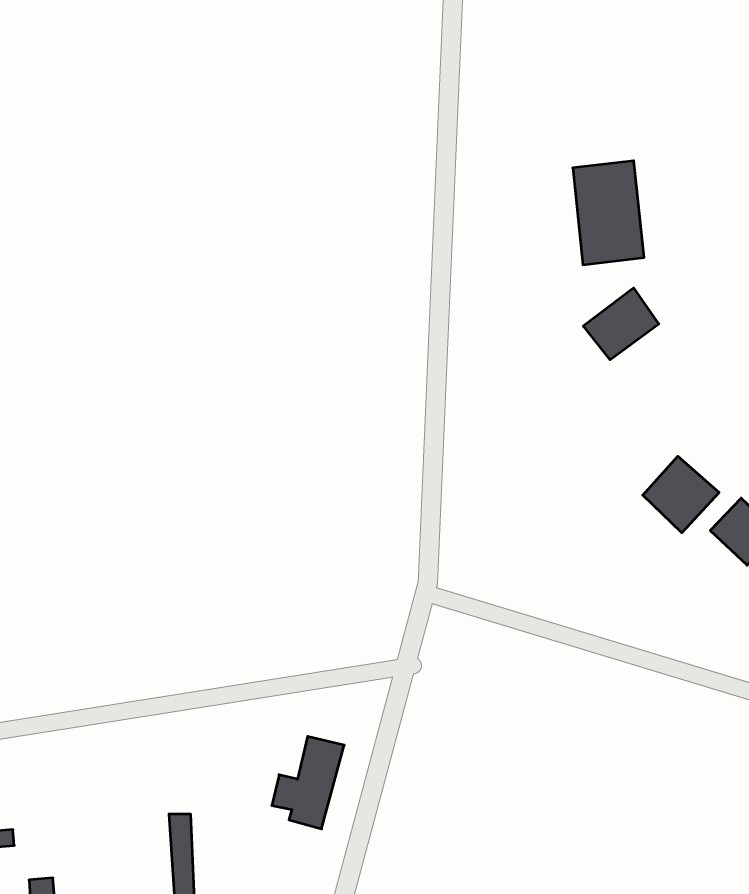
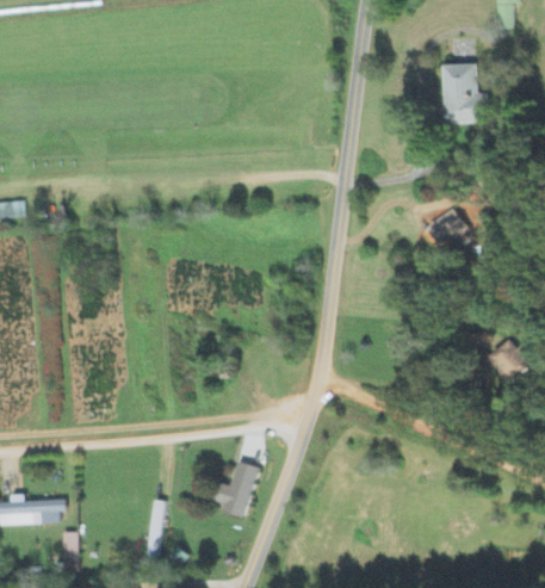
building: [573,161,644,265] -> [444,63,482,123]
building: [643,456,719,533] -> none

